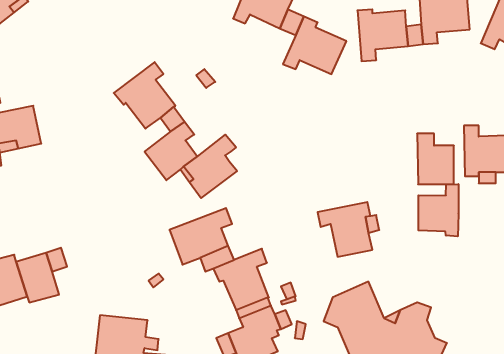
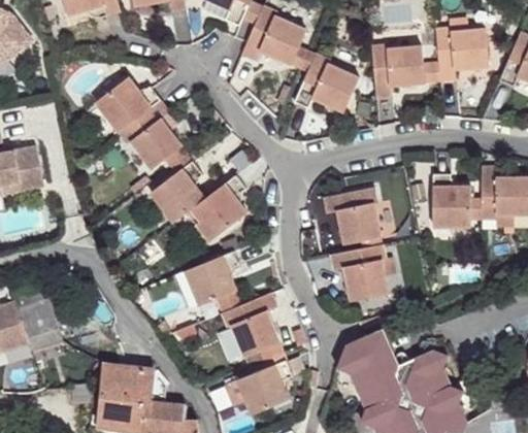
building: none -> [96,77,161,132]
building: none -> [323,187,381,244]
building: [418,184,458,236] -> none

